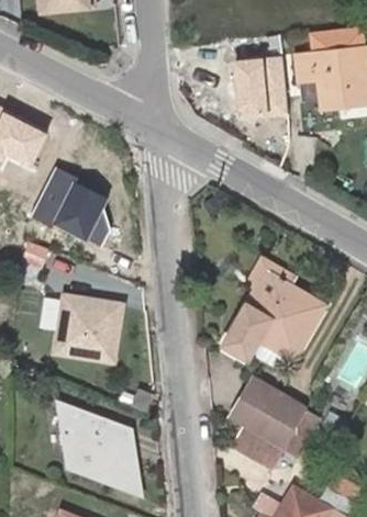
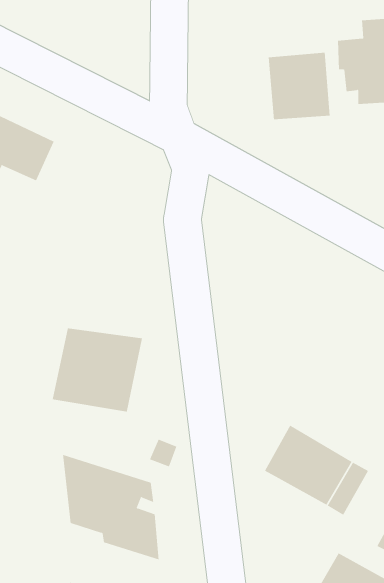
building: [34,171,110,246] -> none
building: [223,260,324,376] -> none
building: [231,423,283,469] -> none

